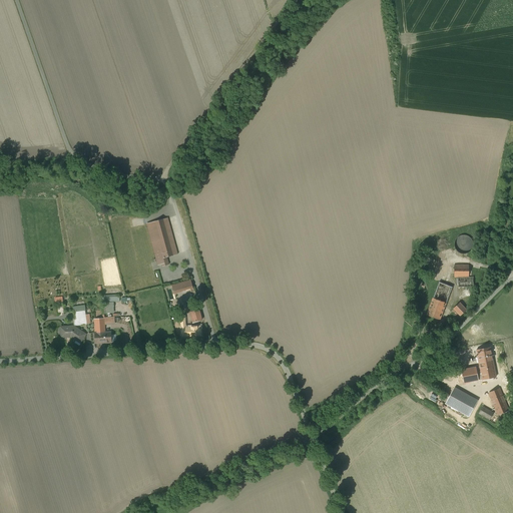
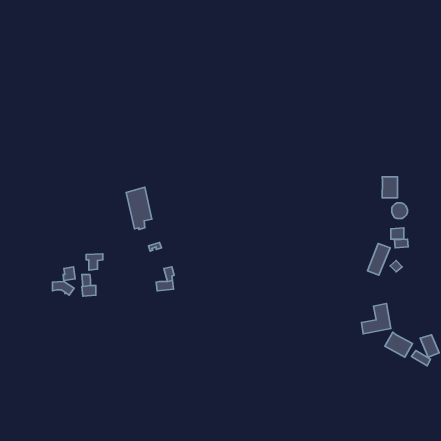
building: none -> [382,177,397,198]
building: [464,348,498,383] -> [362,303,391,334]

